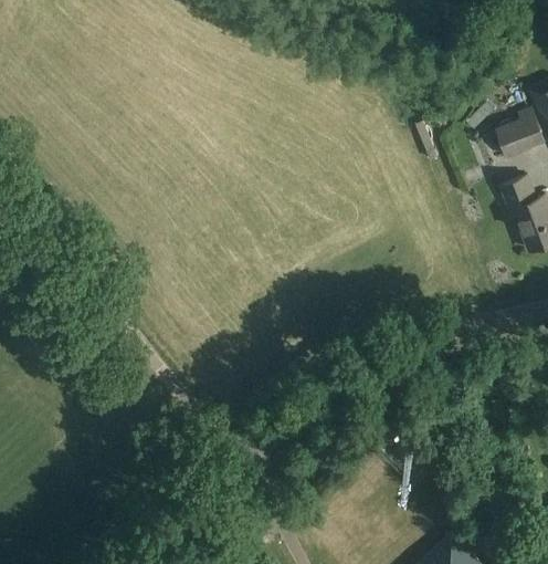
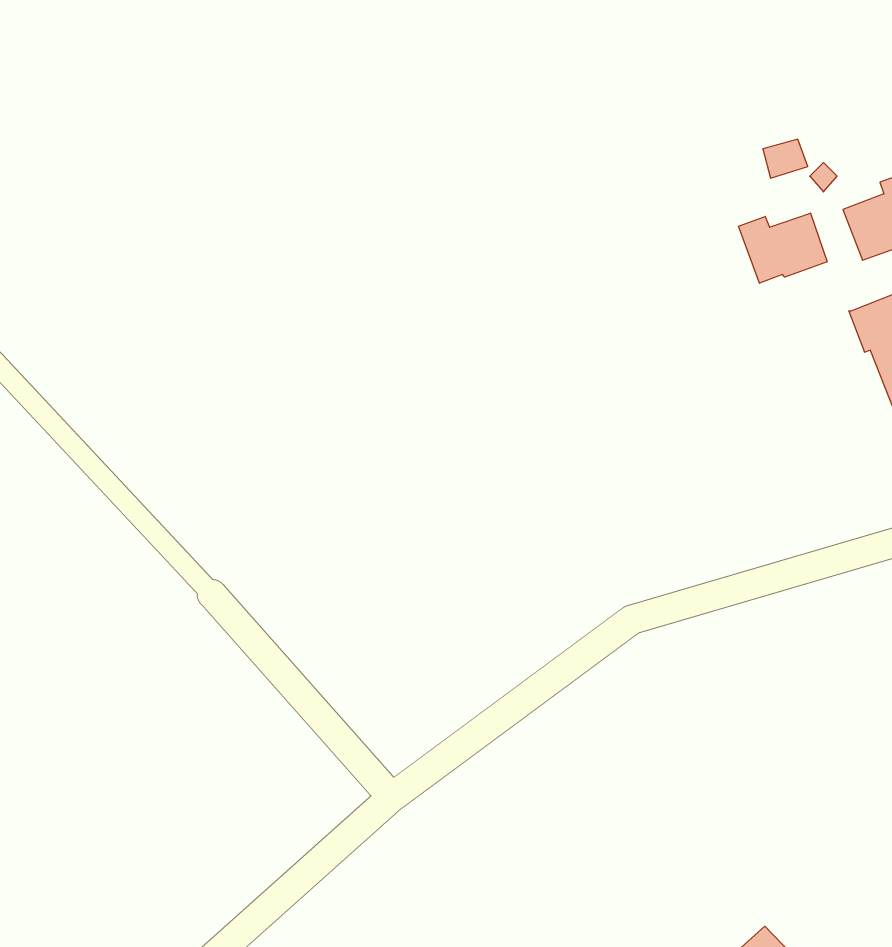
building: none -> [738,213,827,283]

